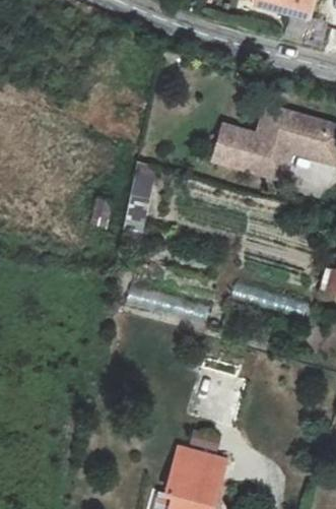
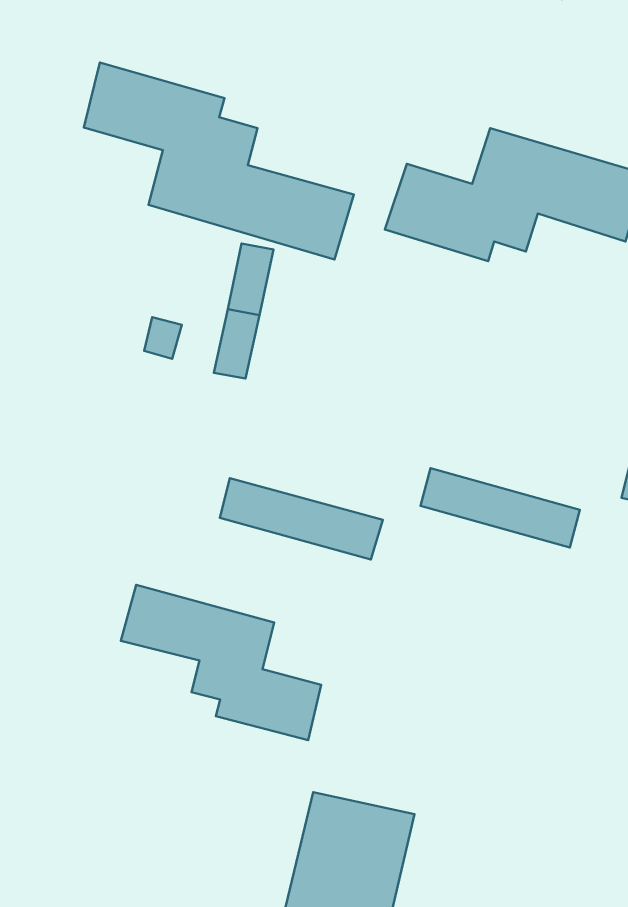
building: none -> [84,63,354,260]
building: none -> [121,585,321,740]

